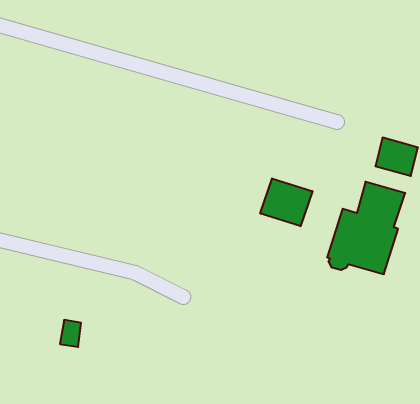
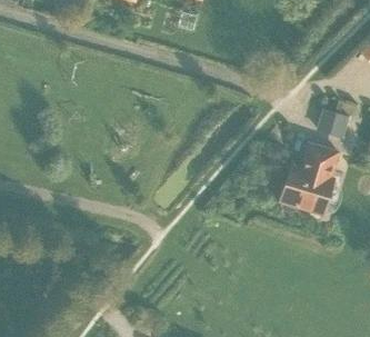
building: [260,178,312,226] -> none

